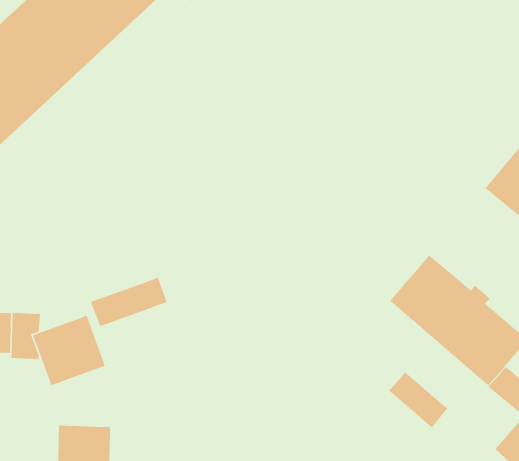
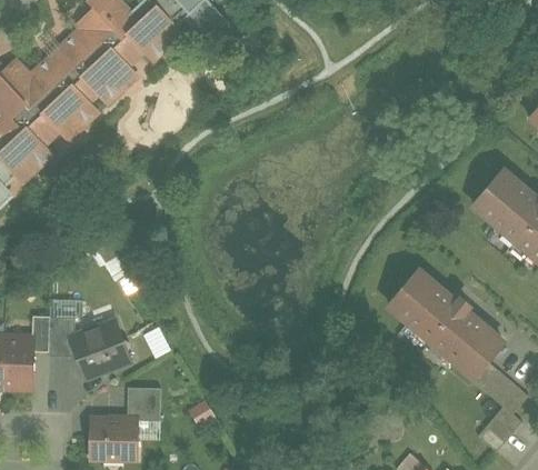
building: [90,277,168,327] -> none
building: [388,372,448,428] -> none
building: none -> [126,389,159,421]

